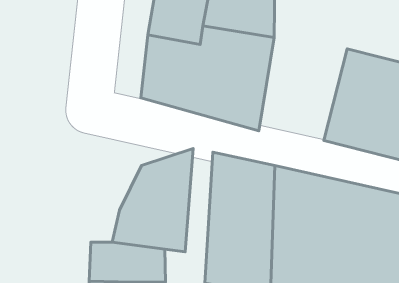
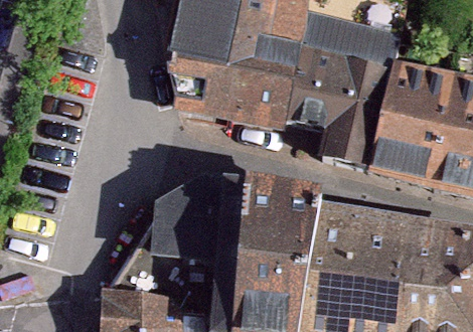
building: none -> [296,52,386,169]

